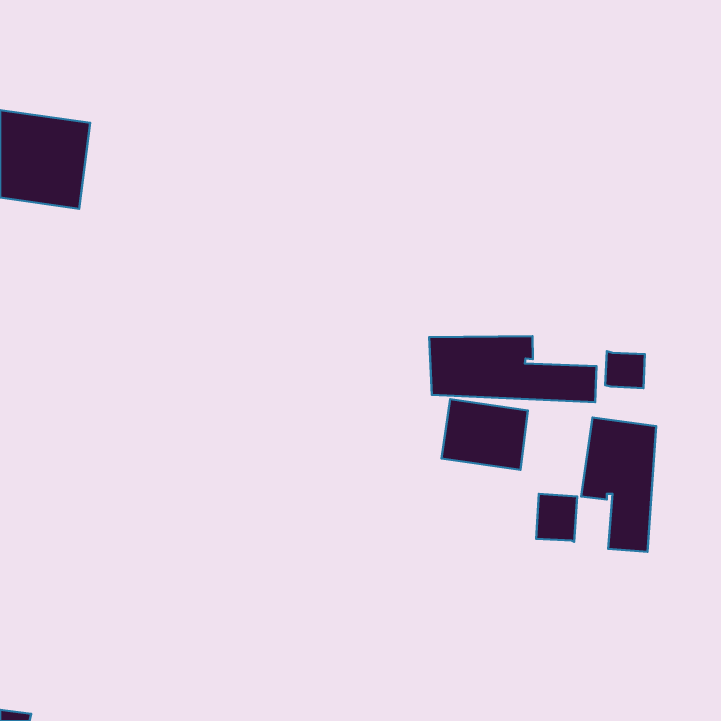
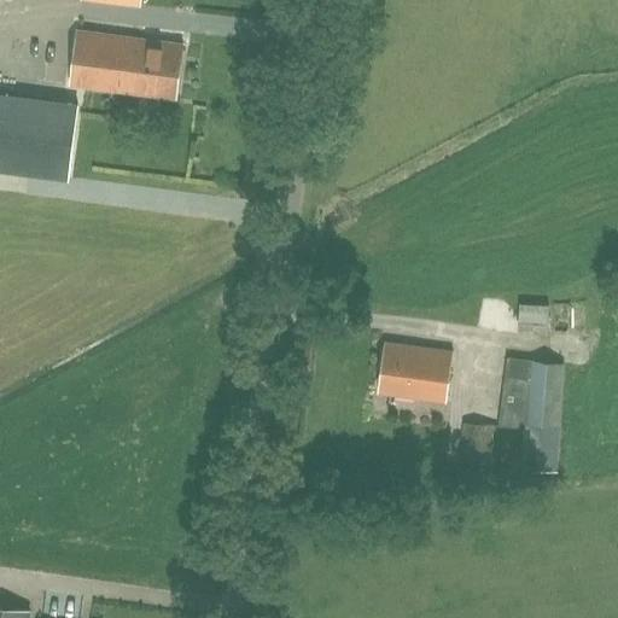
building: none -> [69,30,181,99]
building: [429,336,596,402] -> none

